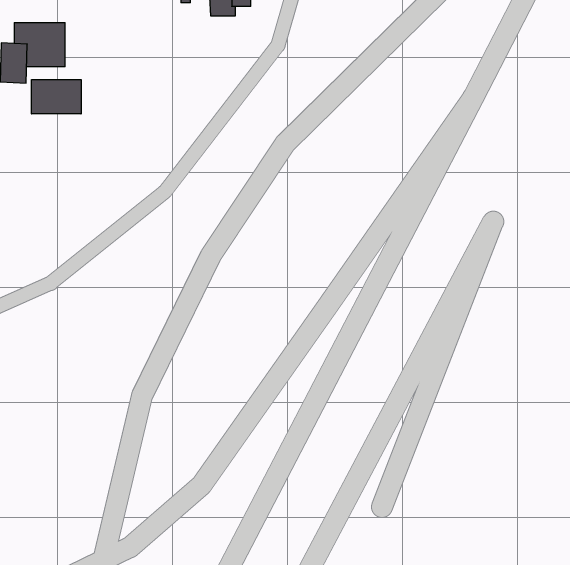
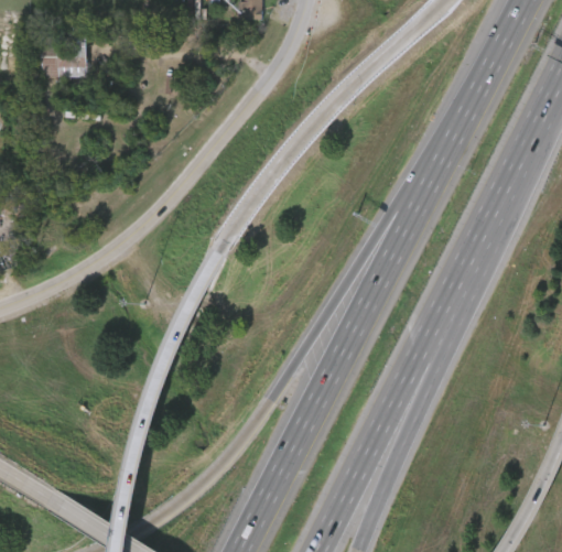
building: [32,80,81,114] -> none

